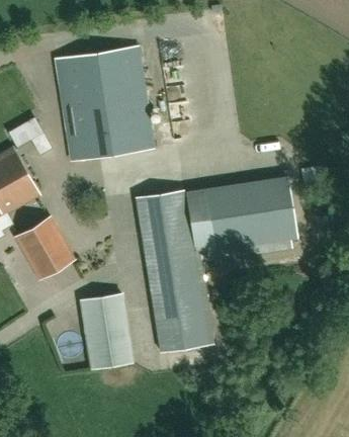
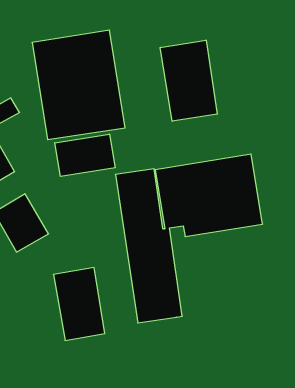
building: none -> [160,40,217,121]
building: none -> [55,134,115,176]

